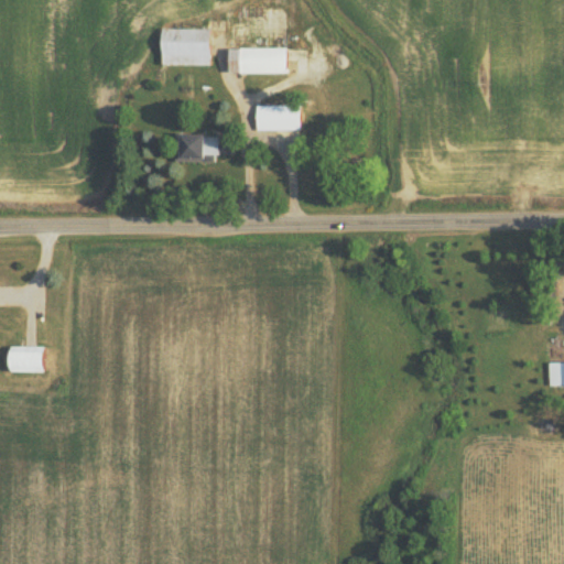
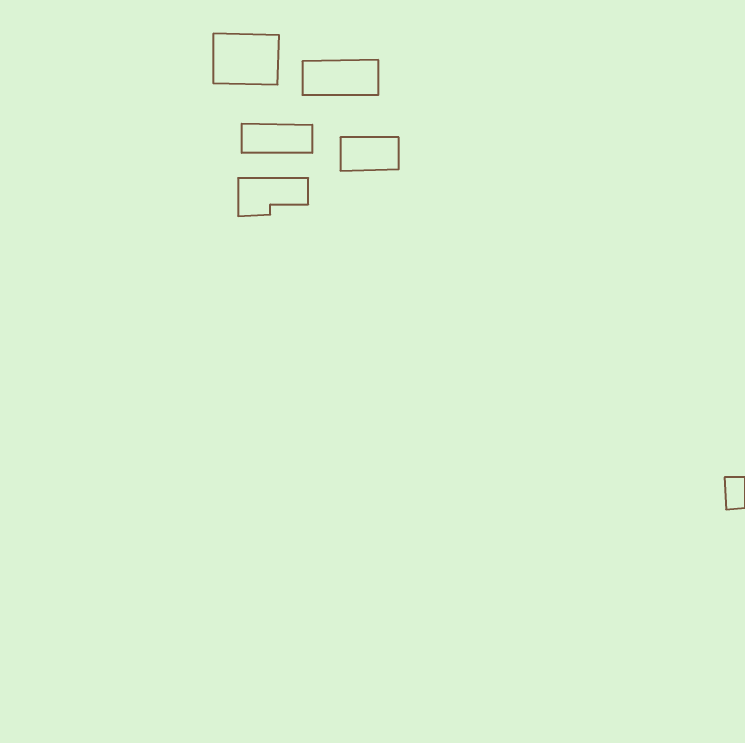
building: none -> [242,124,312,153]
building: [9,347,44,373] -> none

